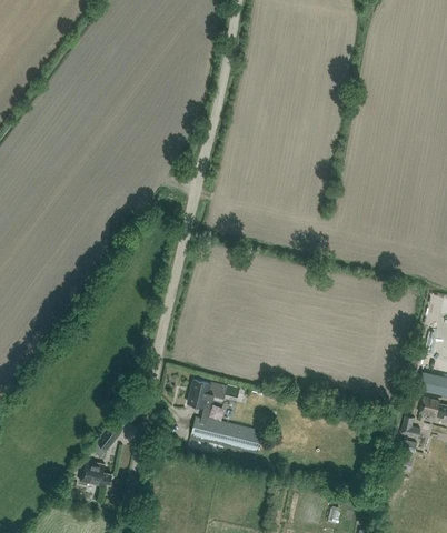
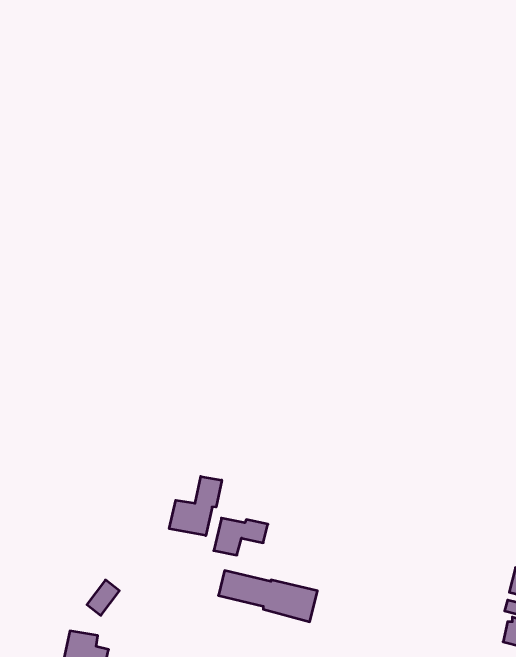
building: none -> [169,476,222,536]

